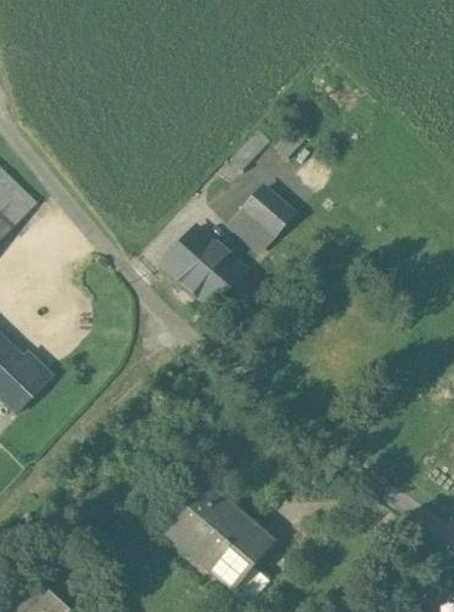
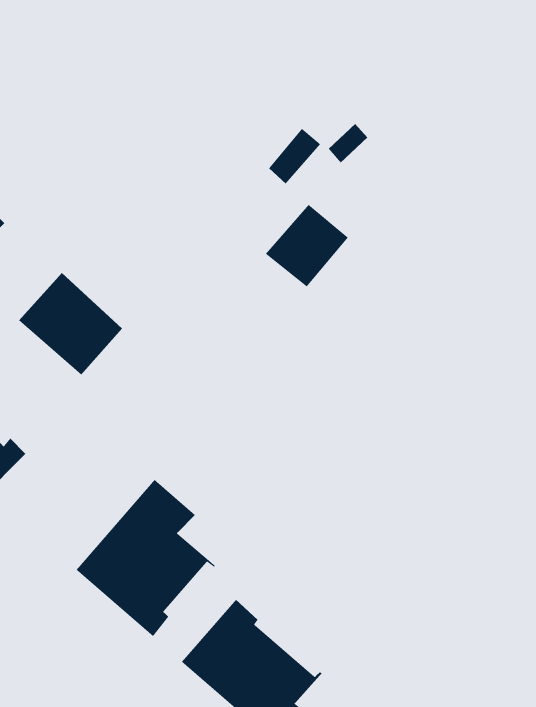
building: [163,227,242,304] -> [18,272,123,375]
building: none -> [76,479,217,637]

